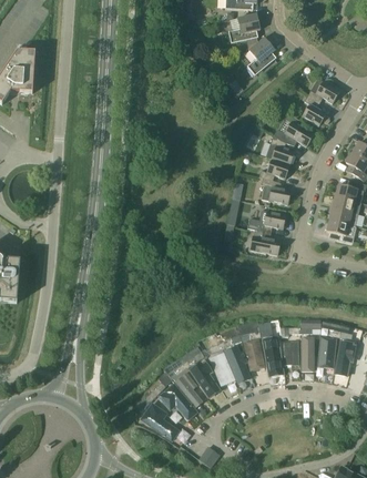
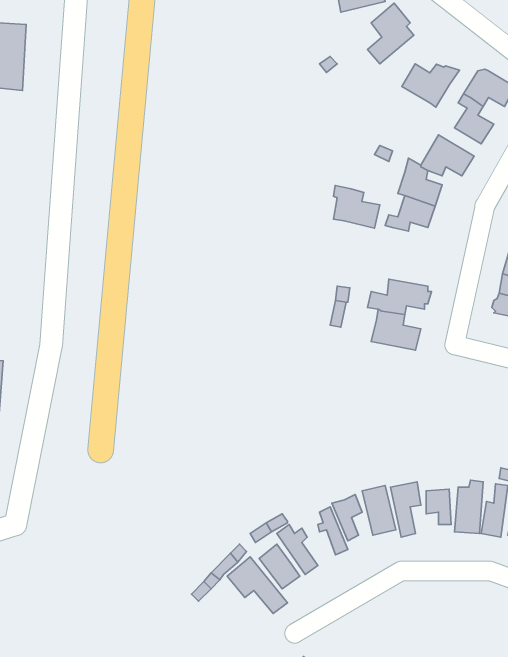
building: none -> [402,64,459,107]
building: [262,179,290,205] -> [334,185,380,228]
building: [142,404,179,440] -> none

